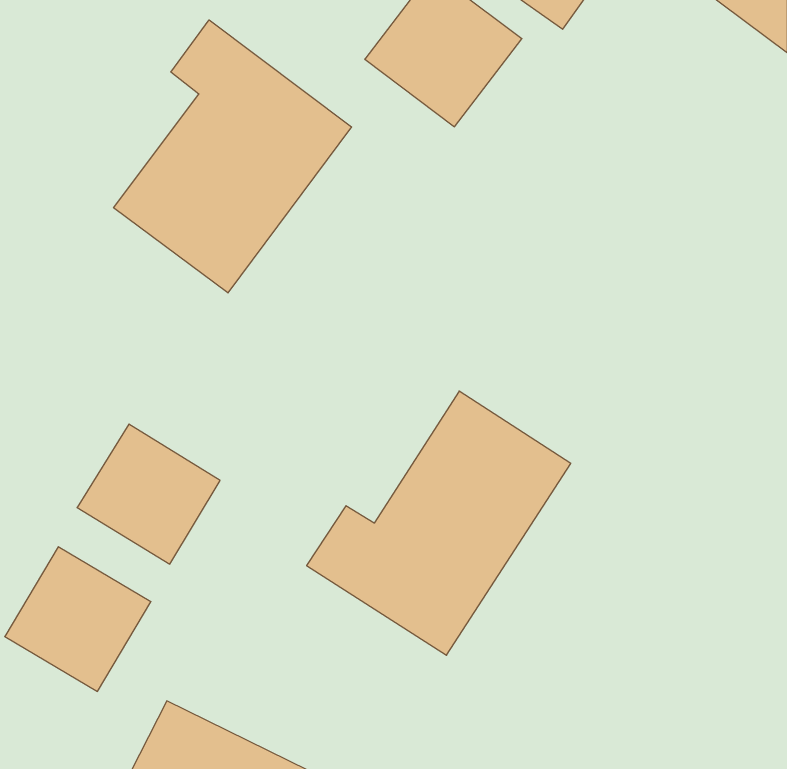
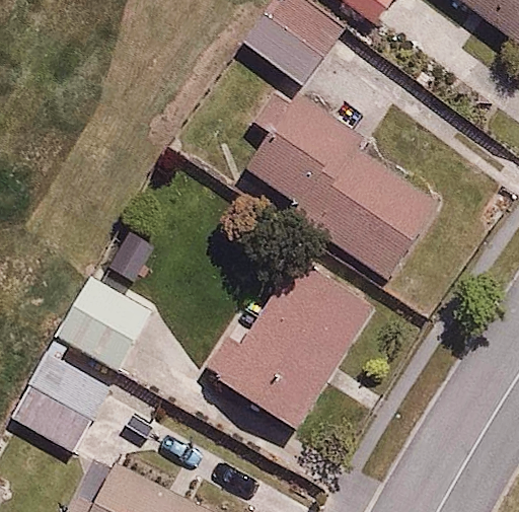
building: [114,20,352,293] -> none
building: none -> [244,96,441,275]

